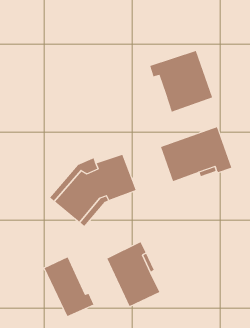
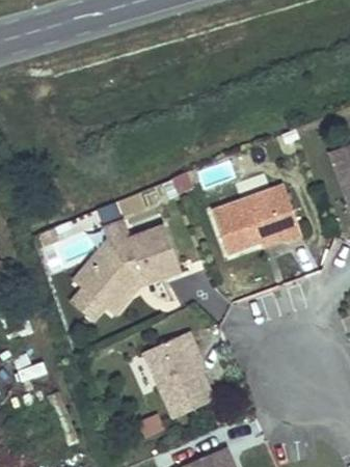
building: [150,50,213,113] -> none
building: [44,257,94,317] -> none

